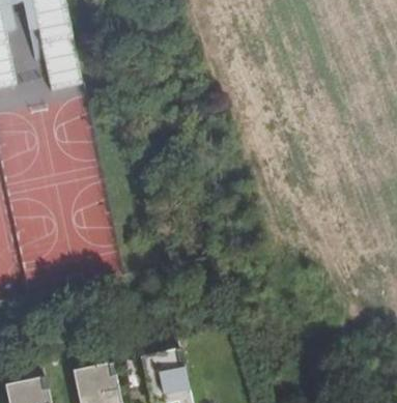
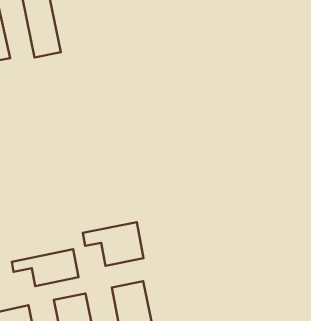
building: none -> [83,222,143,266]
building: none -> [12,249,78,286]

